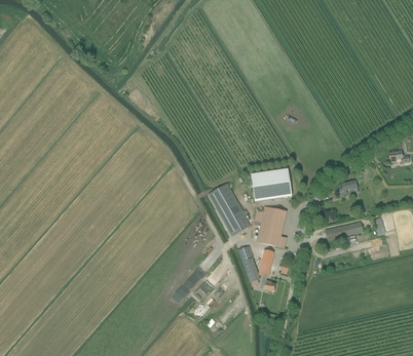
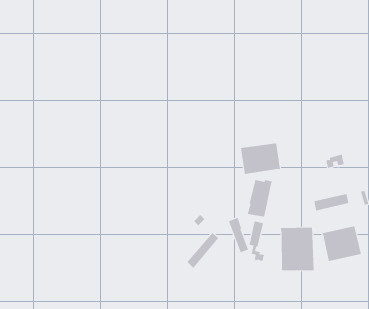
building: [210,182,251,234] -> none
building: none -> [322,225,361,262]
building: none -> [280,227,314,271]

